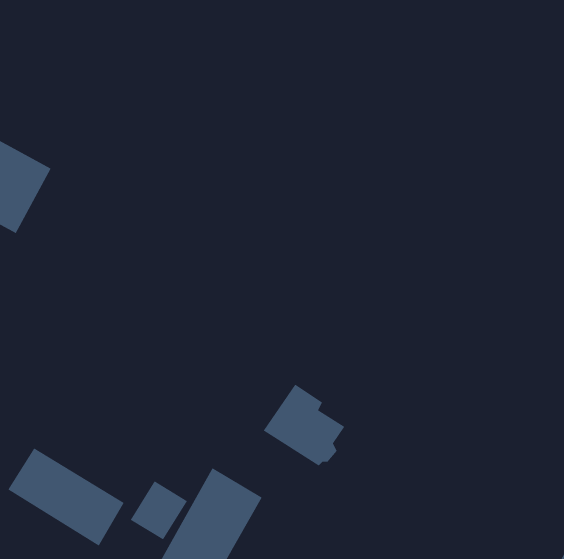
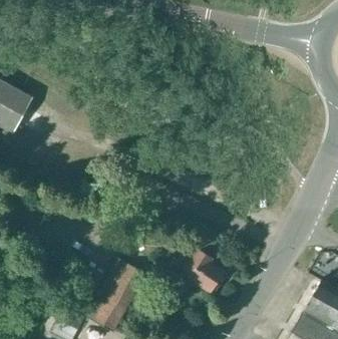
building: [263,384,345,466] -> [181,249,225,293]
building: [8,447,125,546] -> none

